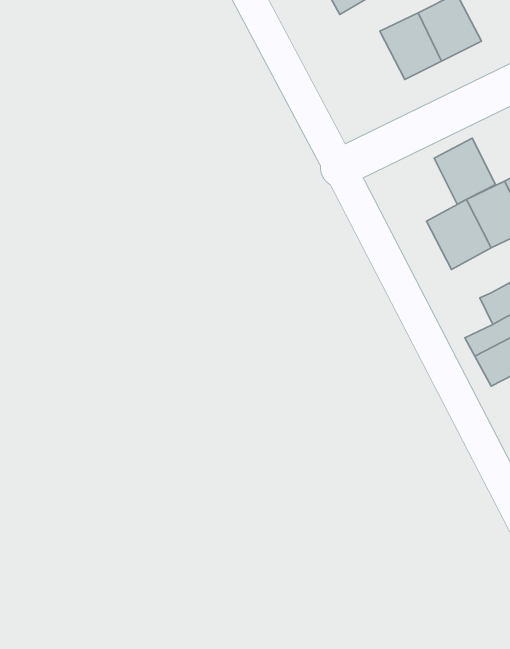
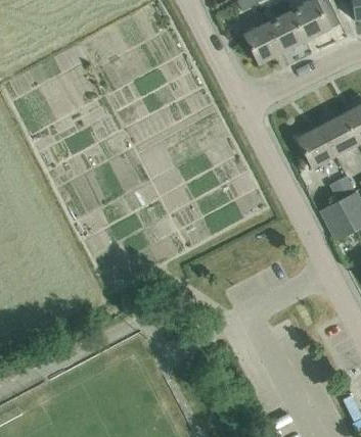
building: none -> [245,21,284,63]
building: [434,138,495,204] -> none

